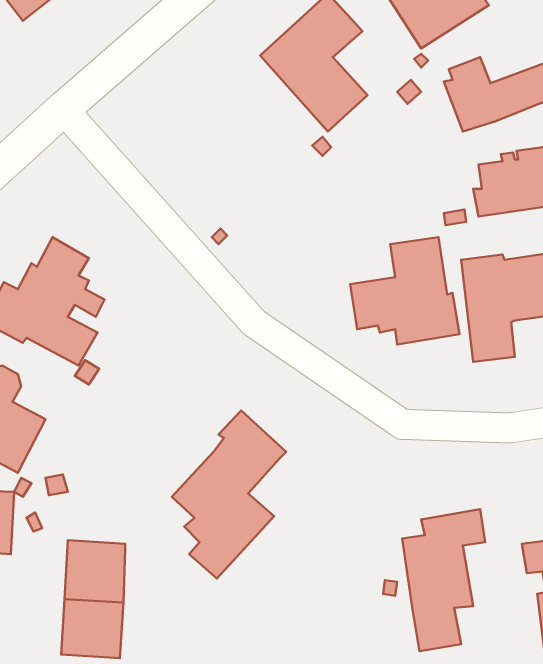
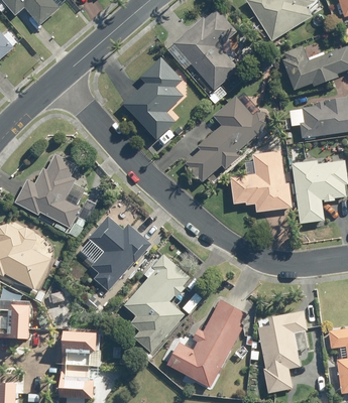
building: none -> [122,56,183,140]
building: none -> [186,98,267,182]
building: none -> [87,214,149,289]
building: none -> [167,298,246,384]

